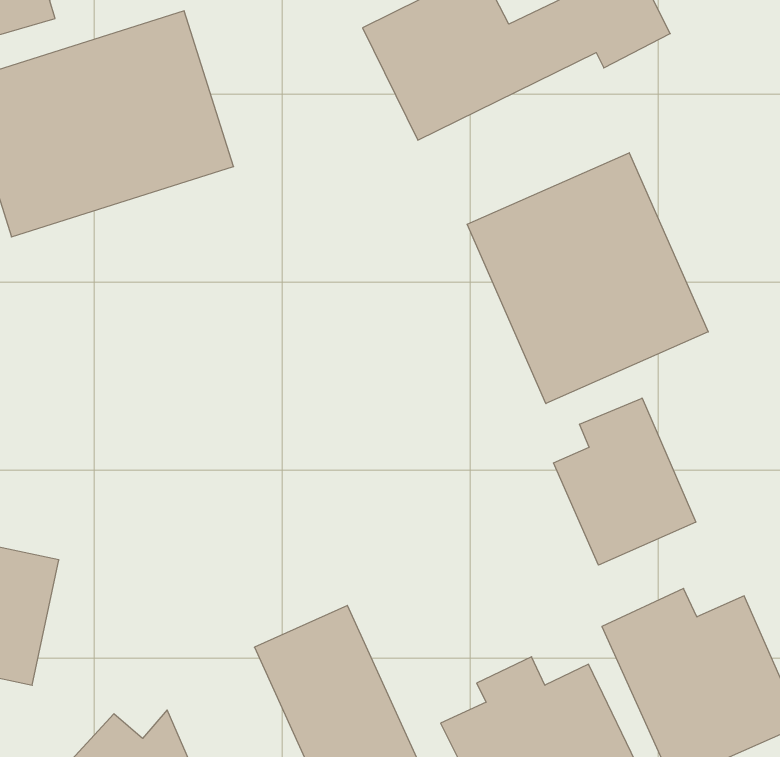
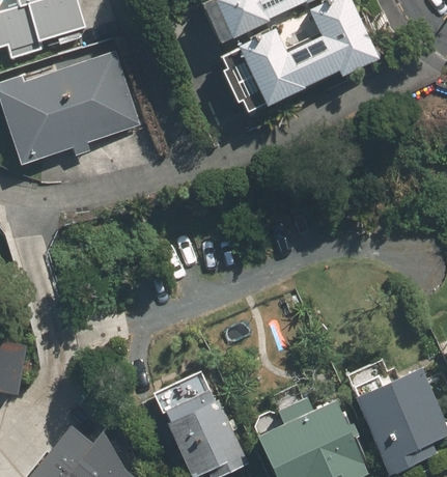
building: [467,153,708,404] -> none
building: [554,398,696,565] -> none

